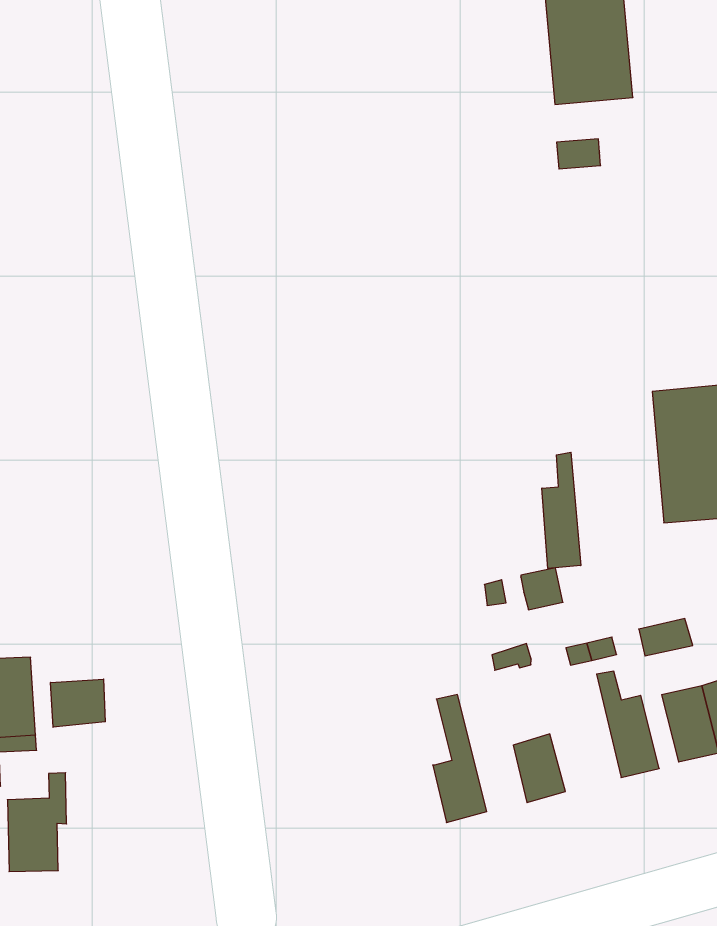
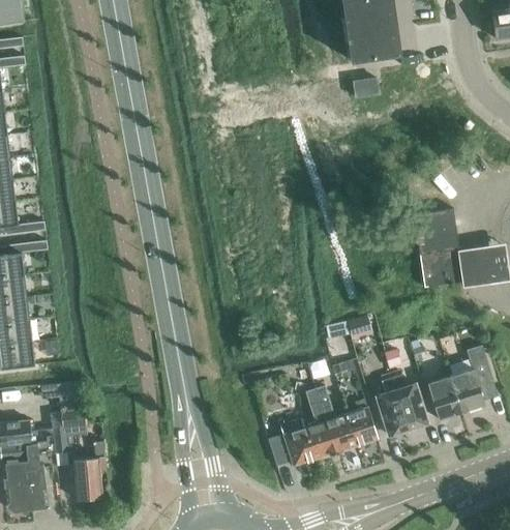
building: [542,452,581,568] -> none
building: none -> [376,373,407,434]
building: [51,679,105,727] -> none
building: none -> [314,385,356,451]
building: none -> [268,417,312,466]

